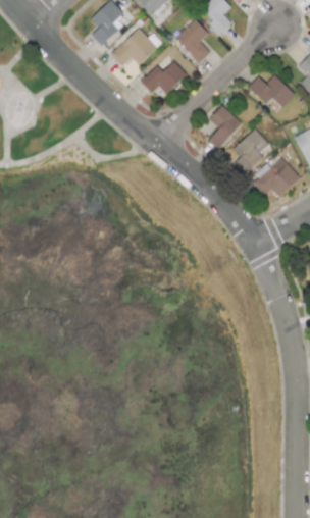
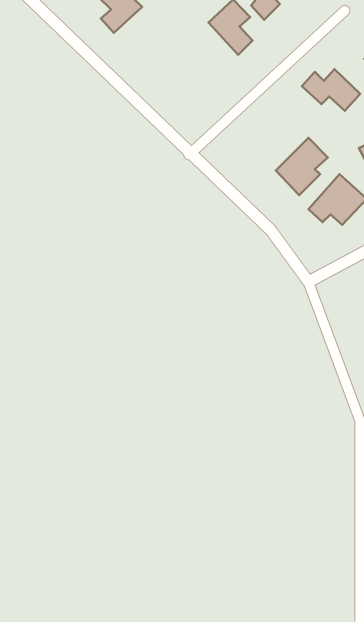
building: [110,28,157,66] -> none
building: [141,61,187,94] -> none
building: [208,105,242,149] -> none

